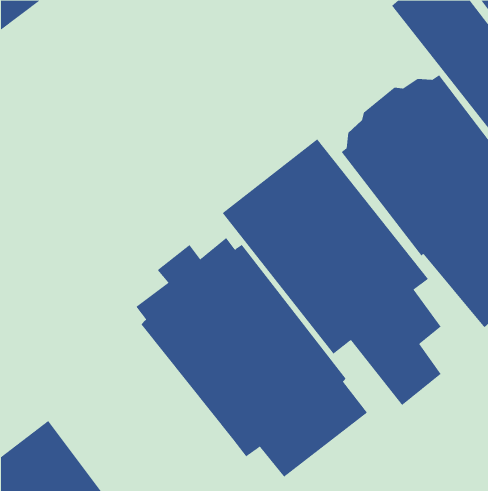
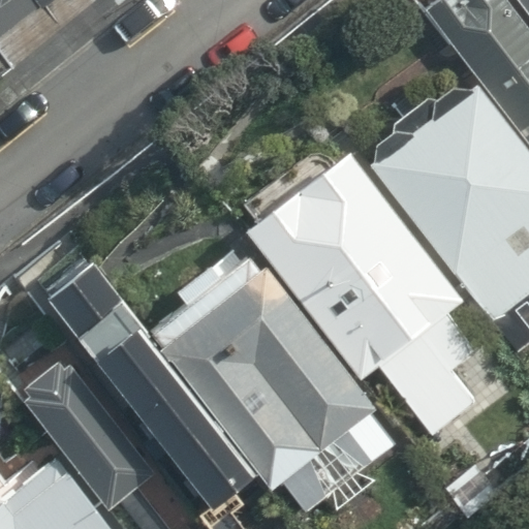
building: none -> [36,256,255,509]
building: none -> [19,359,157,510]

